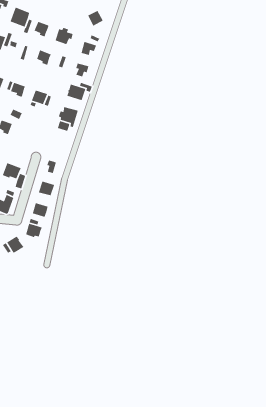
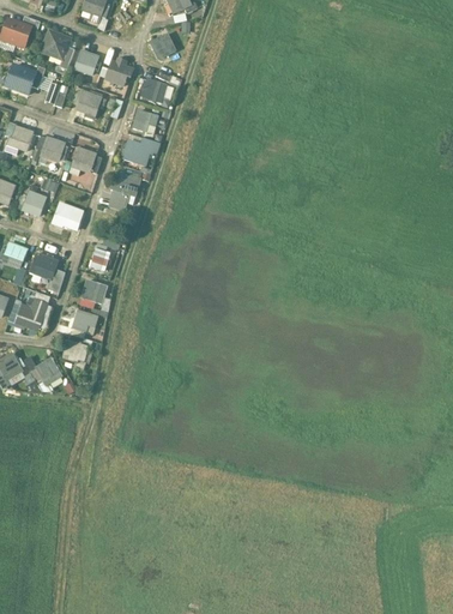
building: none -> [52,201,85,228]

